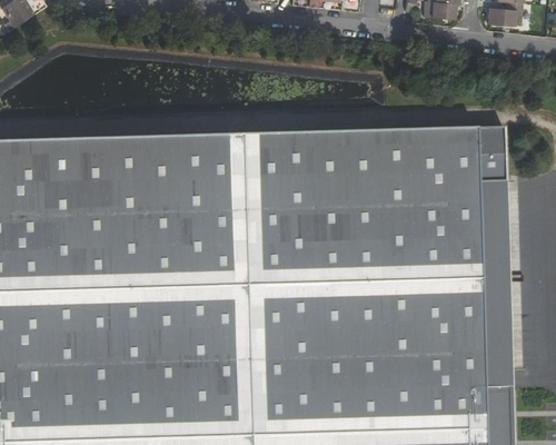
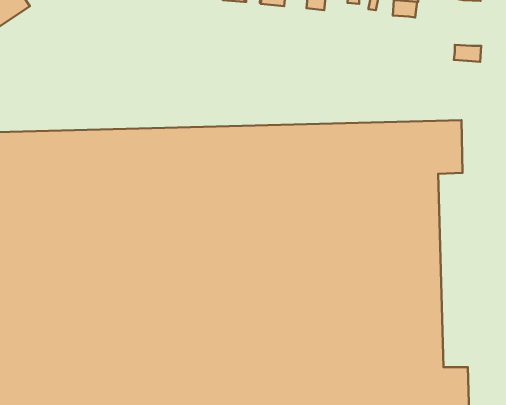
building: [487,8,516,26] -> [454,45,481,62]
building: [479,184,510,388] -> none

